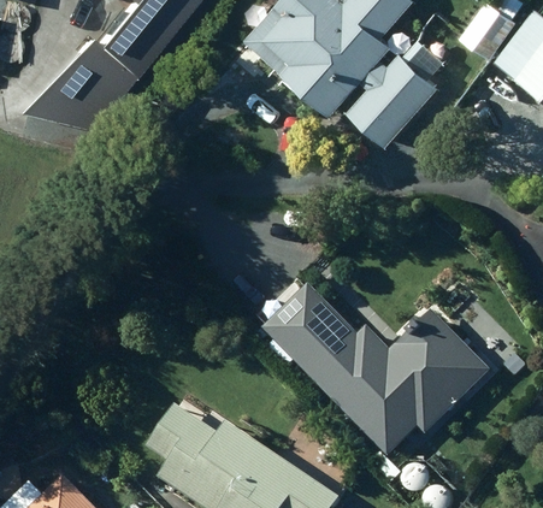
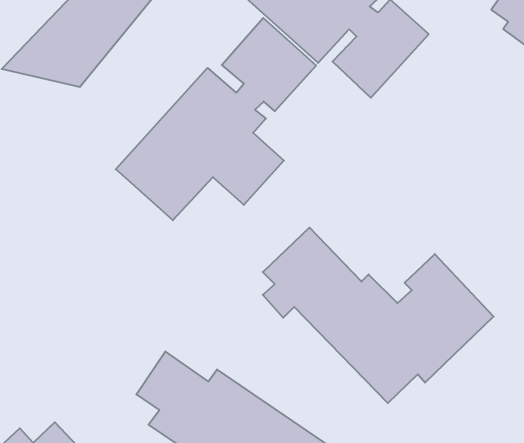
building: none -> [116,18,316,220]

